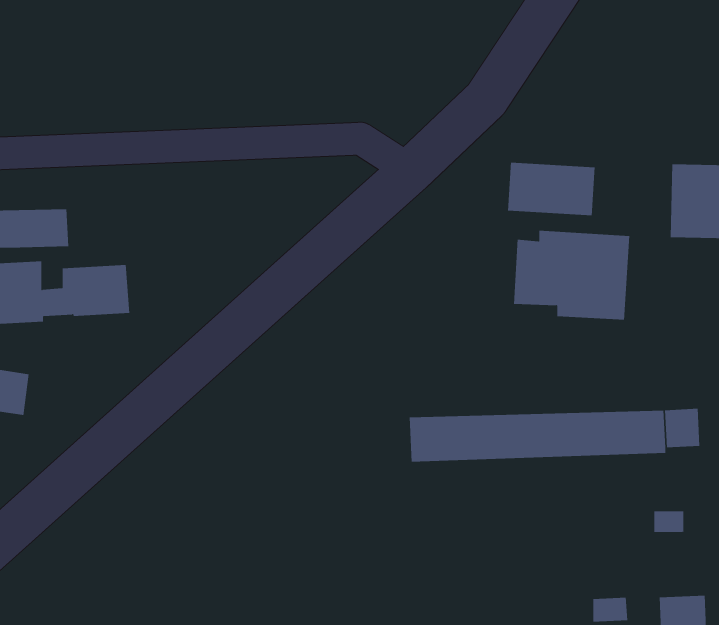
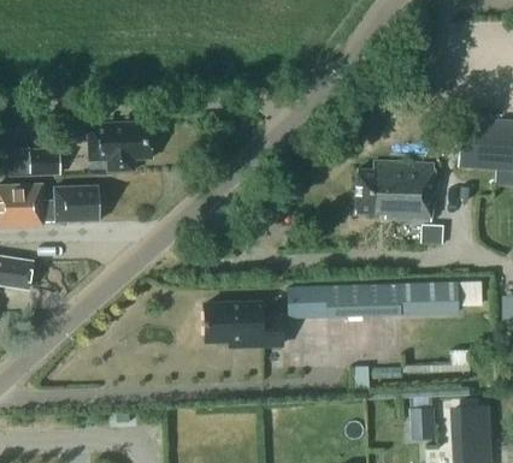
building: [508,162,595,216] -> none
building: none -> [87,121,151,171]
building: none -> [205,302,283,345]

